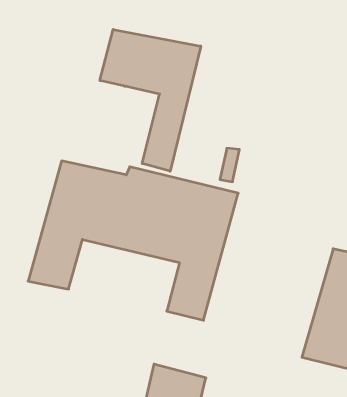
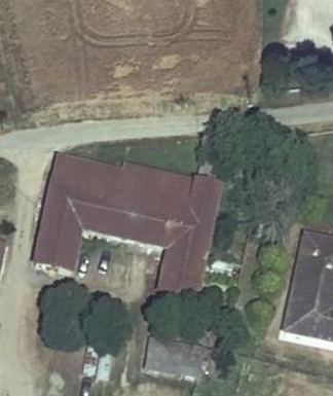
building: [100,29,201,171] -> none

